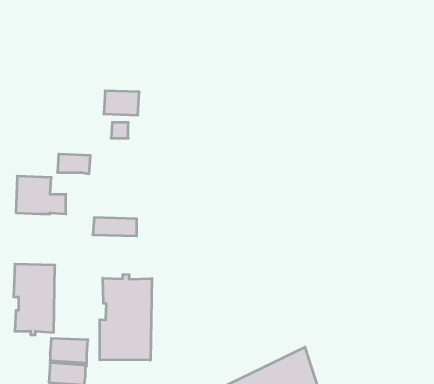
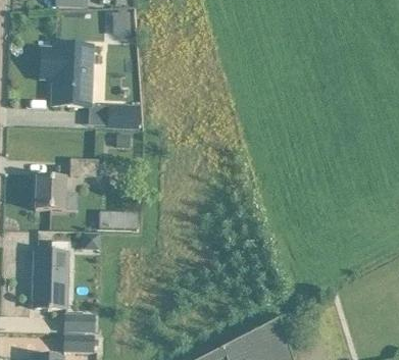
building: none -> [41,43,92,105]
building: [100,274,152,360] -> none

